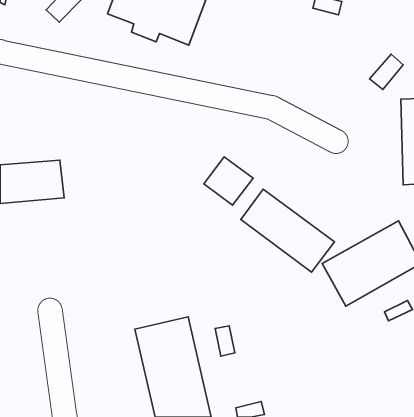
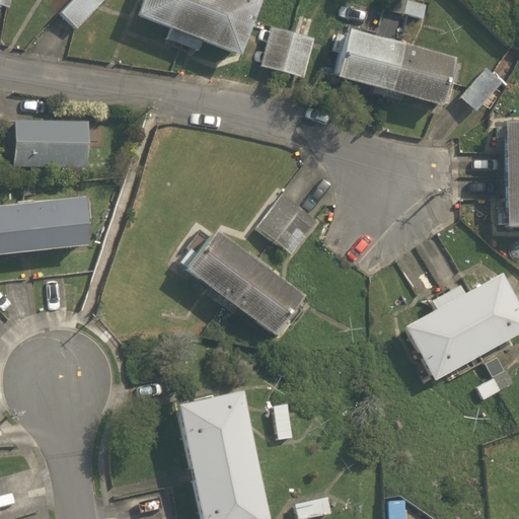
building: none -> [264,24,318,78]
building: none -> [336,28,455,105]
building: none -> [15,120,92,167]
building: [241,189,335,272] -> [186,232,301,335]

